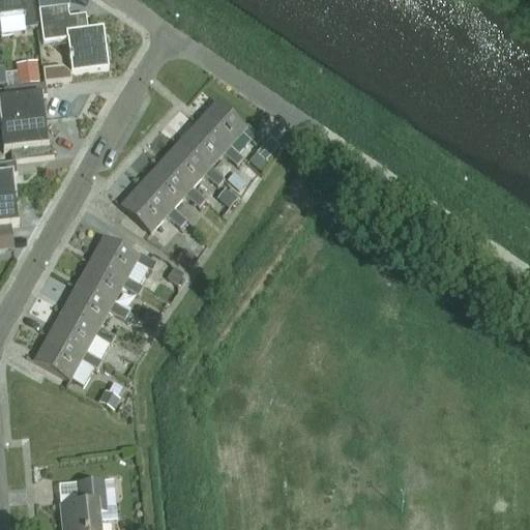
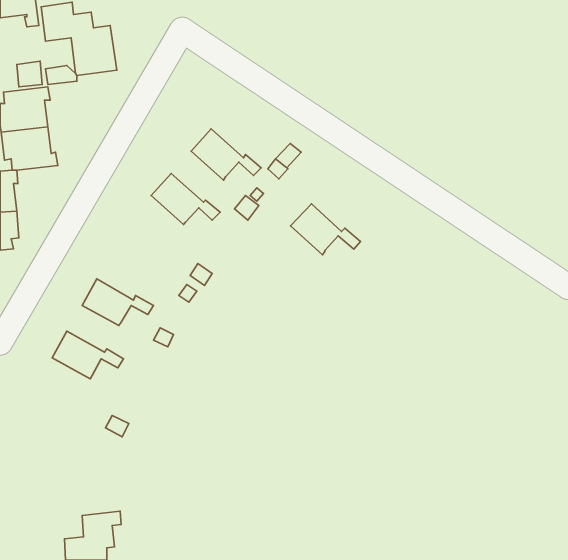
building: [197,99,262,147] -> [290,204,360,255]
building: [159,141,225,188] -> none
building: [120,182,186,232] -> none
building: [90,235,156,279] -> none
building: [62,285,128,328] -> none
building: [34,333,101,379] -> none

